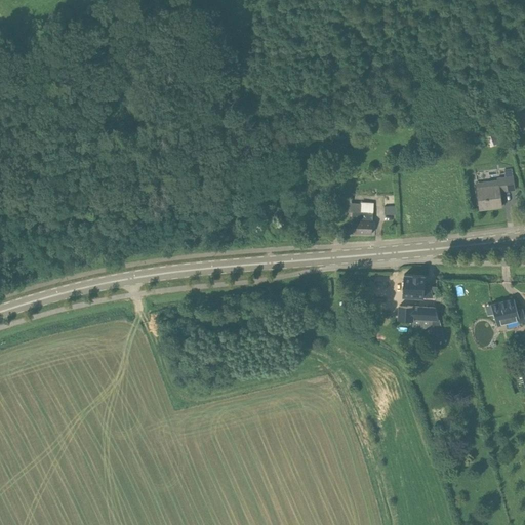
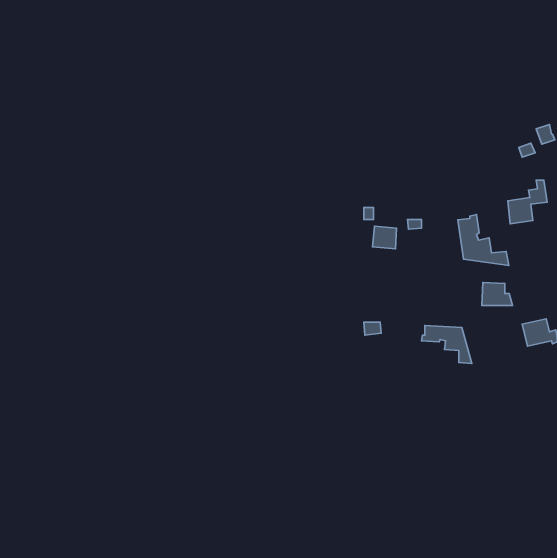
building: none -> [458,214,509,265]
building: [402,275,431,296] -> [482,282,512,305]

